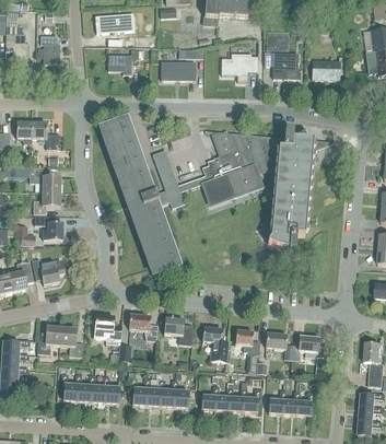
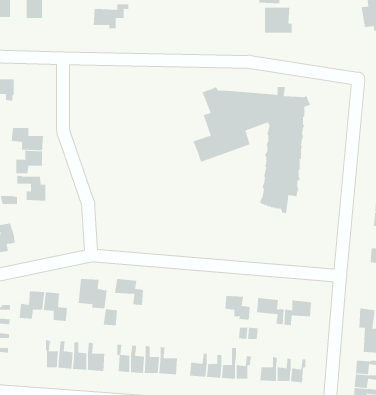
building: [221,56,257,80] -> none
building: [312,56,346,79] -> none
building: [161,61,195,79] -> none
building: [102,119,220,272] -> none
building: [32,121,59,148] -> none
building: [31,258,63,284] -> none
building: [163,317,192,344] -> none
building: [202,327,227,361] -> none

